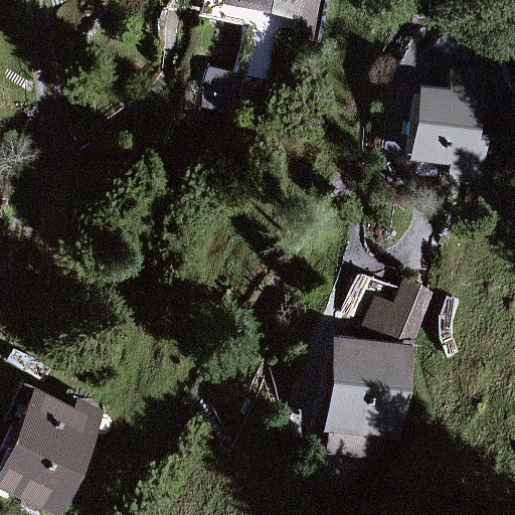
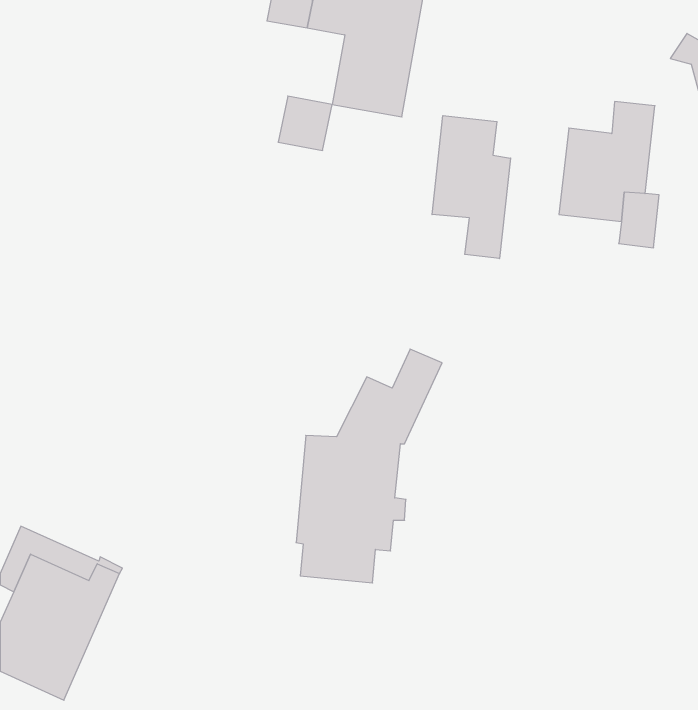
building: none -> [432,116,511,259]
building: [330,285,436,454] -> [296,349,442,583]

